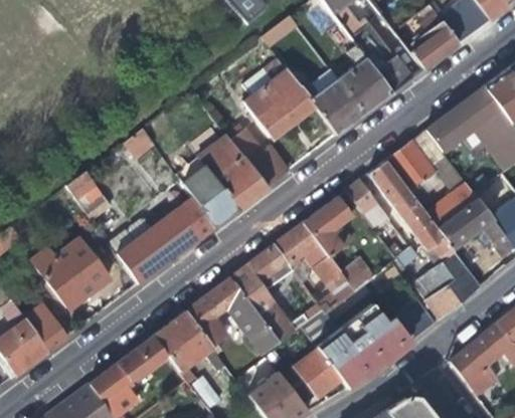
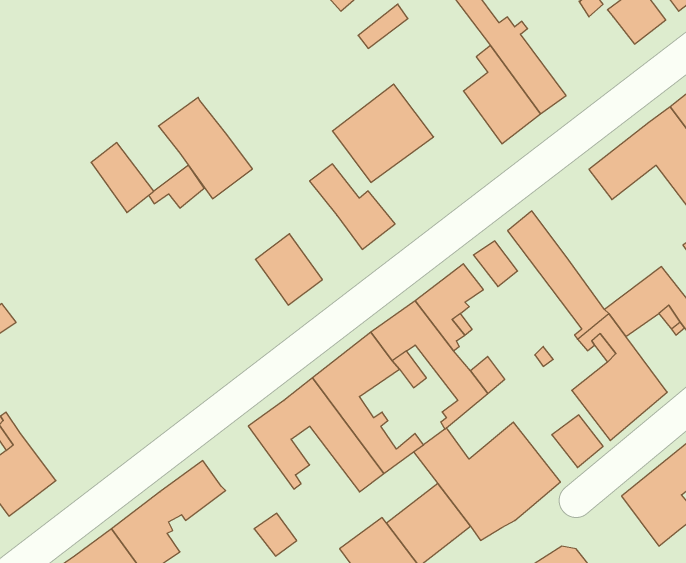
building: [411,22,459,68] -> none
building: [304,67,365,133] -> none
building: [200,136,267,207] -> [158,97,252,199]
building: [386,139,445,195] -> none
building: [426,155,478,228] -> none
building: [66,169,111,218] -> [91,143,154,213]
building: [124,204,214,282] -> none
building: [31,235,110,305] -> none
building: [25,301,69,349] -> none
building: [154,310,226,372] -> none

